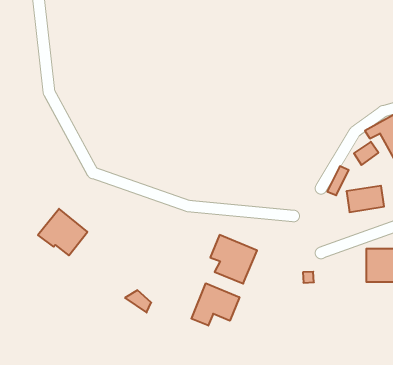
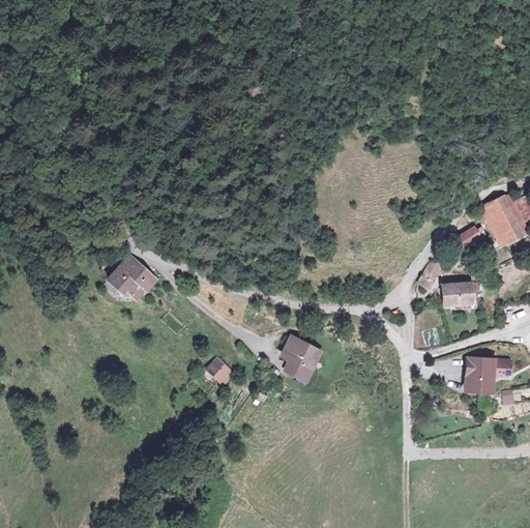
building: [38,209,87,255] -> [105,248,164,304]
building: [191,283,239,326] -> none
building: [125,290,151,313] -> [202,356,233,383]

